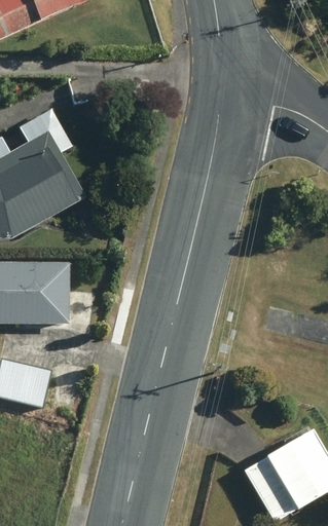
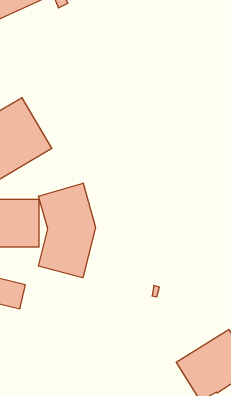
building: none -> [39,183,96,278]

